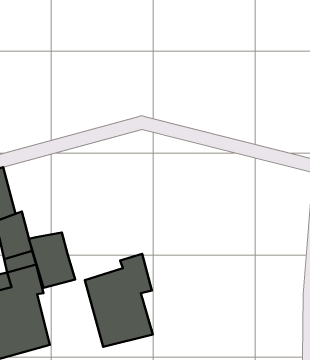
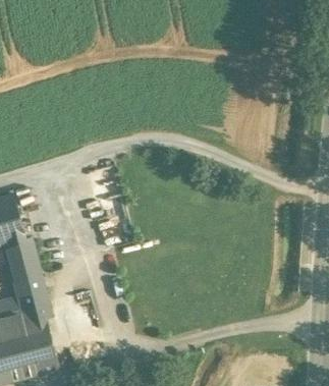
building: [29,233,75,288] -> none
building: [85,254,153,347] -> none

